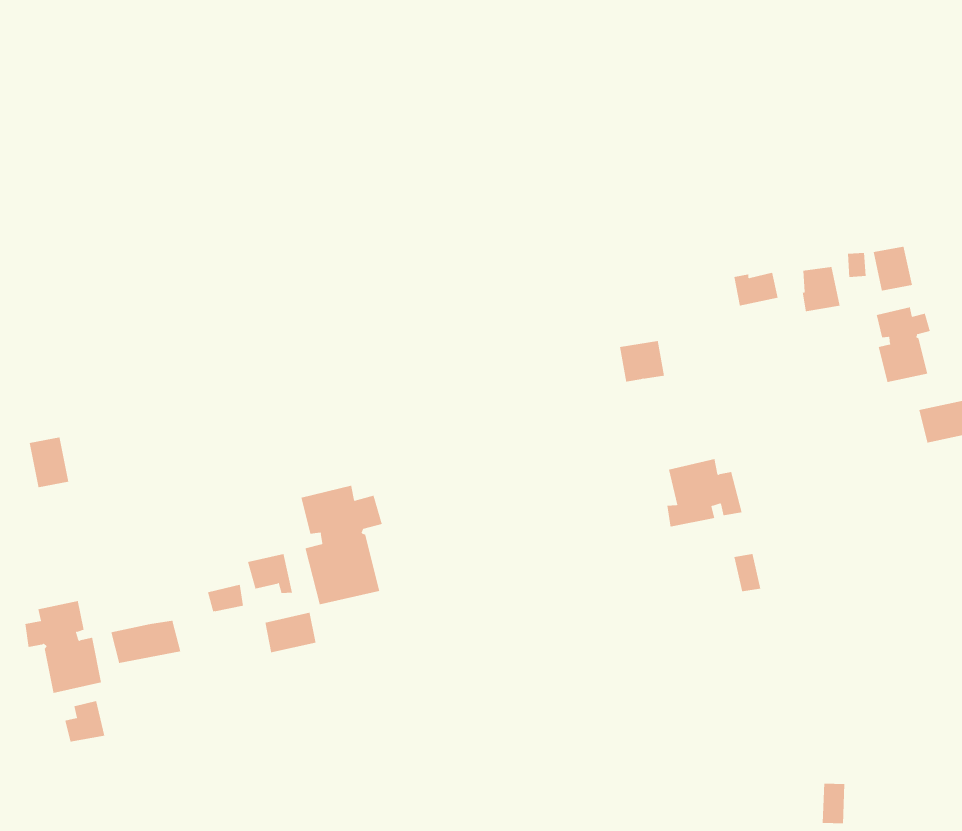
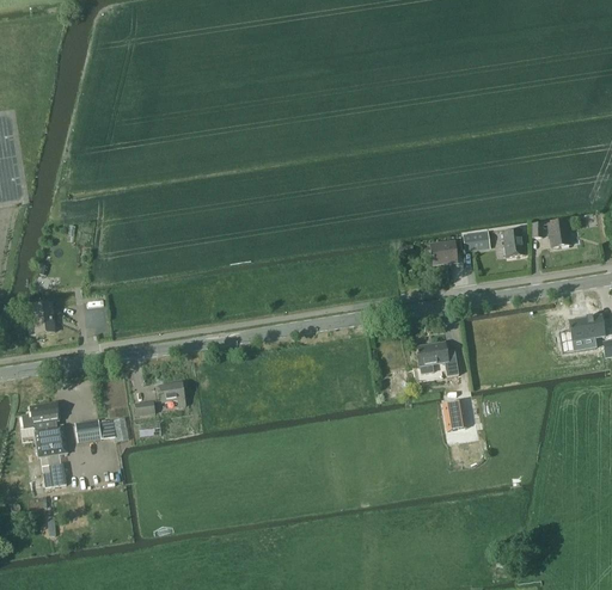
building: [876,307,931,383] -> none
building: [619,340,665,382] -> [430,241,457,265]
building: [301,485,383,605] -> none
building: [265,612,316,653] -> none

